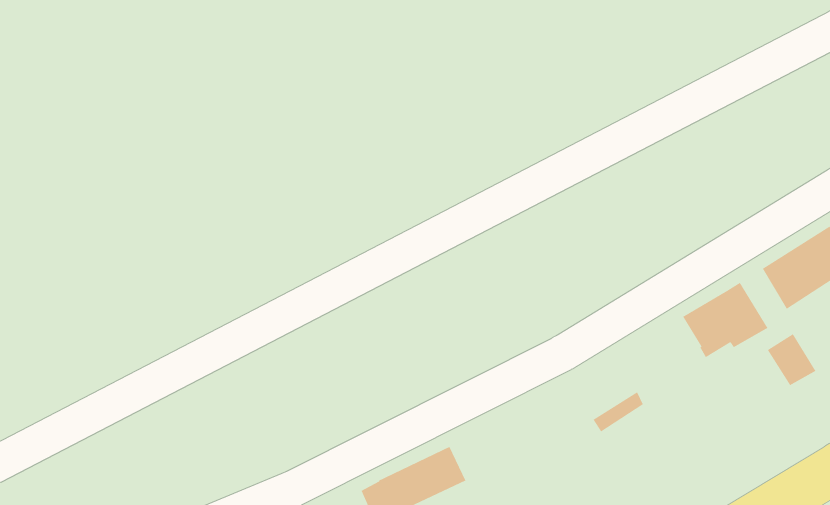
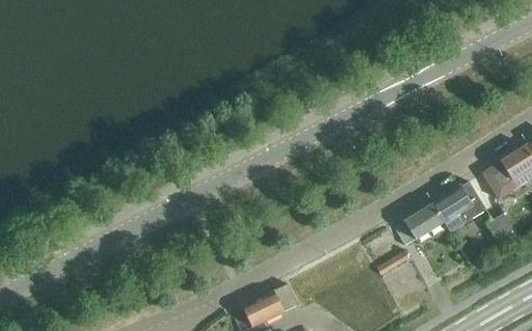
building: none -> [393,202,447,245]

